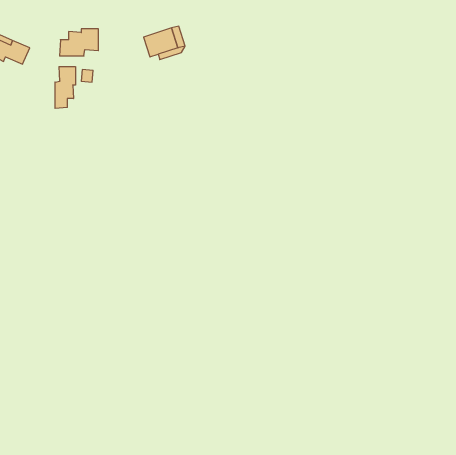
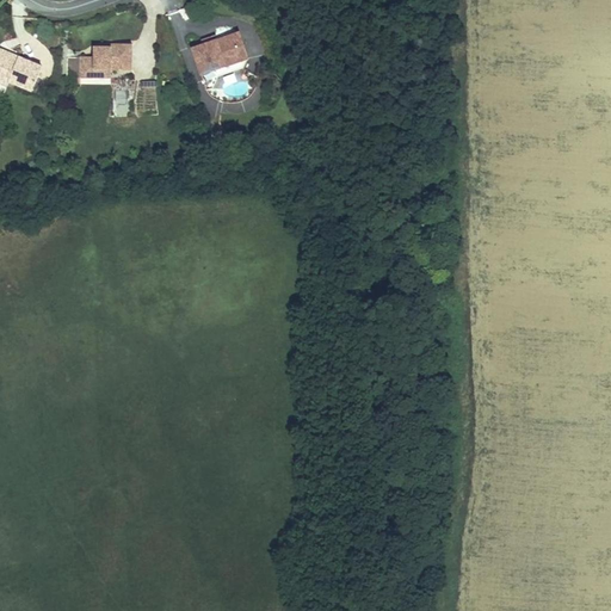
building: [55,67,75,108] -> none

